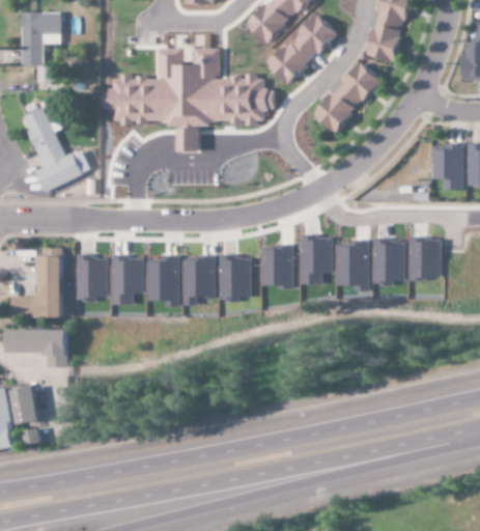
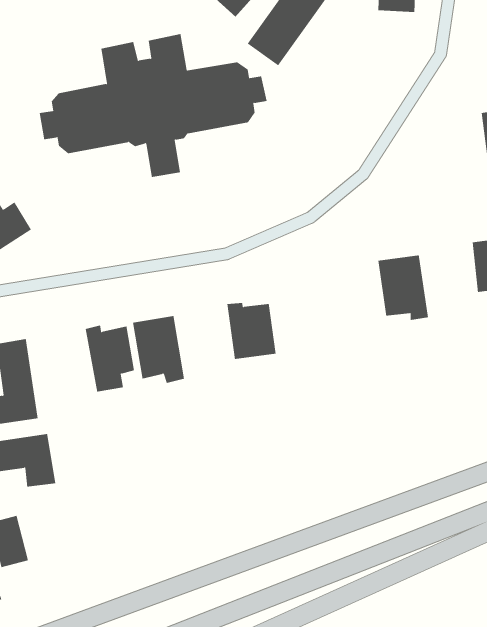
building: [312,62,382,133] -> none
building: [300,236,333,285] -> none
building: [372,239,404,284] -> none
building: [261,247,293,287] -> none
building: [75,257,107,299] -> none
building: [181,257,215,305] -> none

